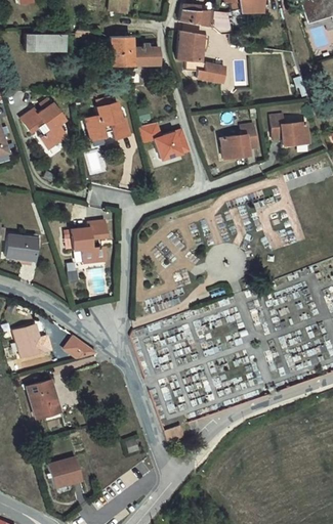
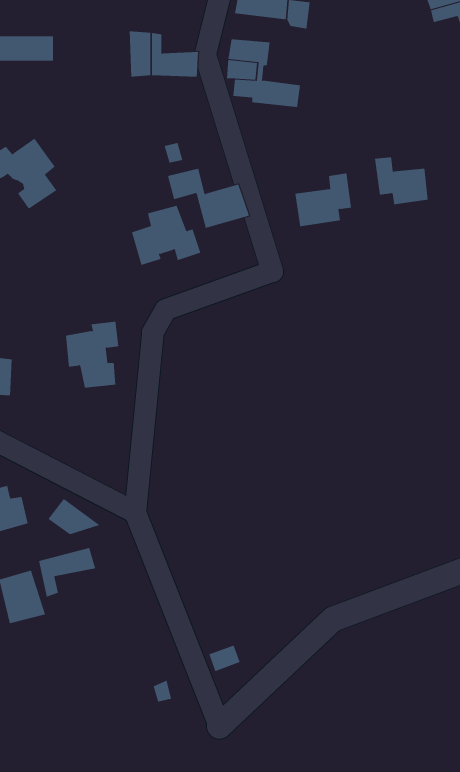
building: [86,102,131,141] -> [131,205,201,266]
building: none -> [38,547,96,598]
building: [49,457,82,487] -> none

